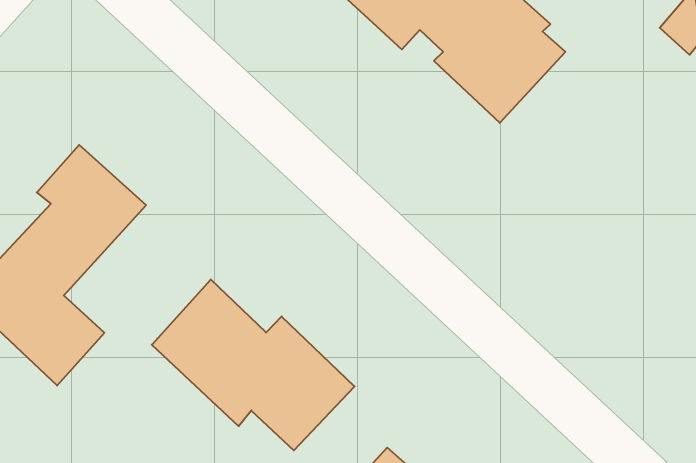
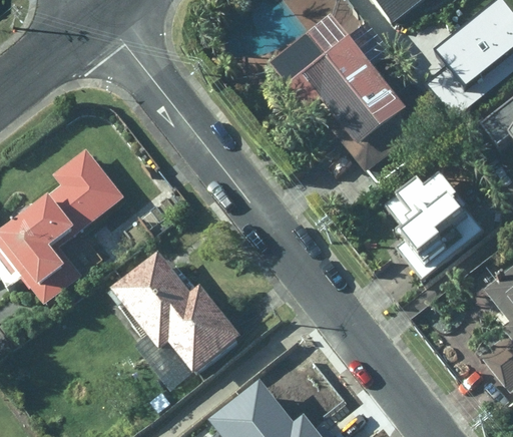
building: none -> [387,174,483,276]

